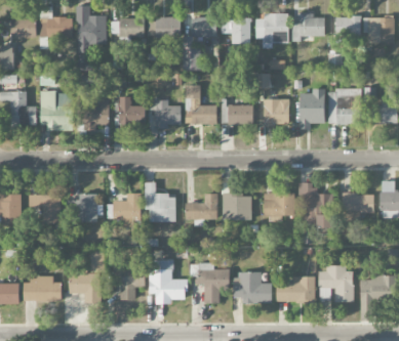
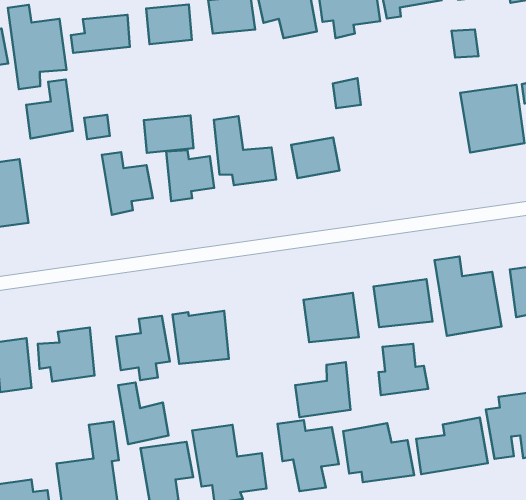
building: none -> [144,115,193,153]
building: [300,88,325,129] -> none
building: [84,94,109,125] -> [26,80,73,138]
building: [264,98,289,125] -> none
building: [186,194,216,221] -> [295,362,351,417]
building: none -> [378,344,428,395]
building: none -> [118,382,169,444]

